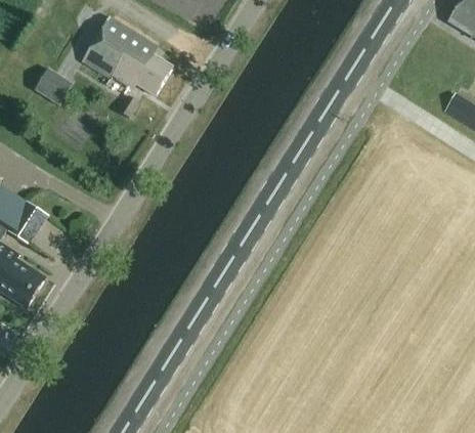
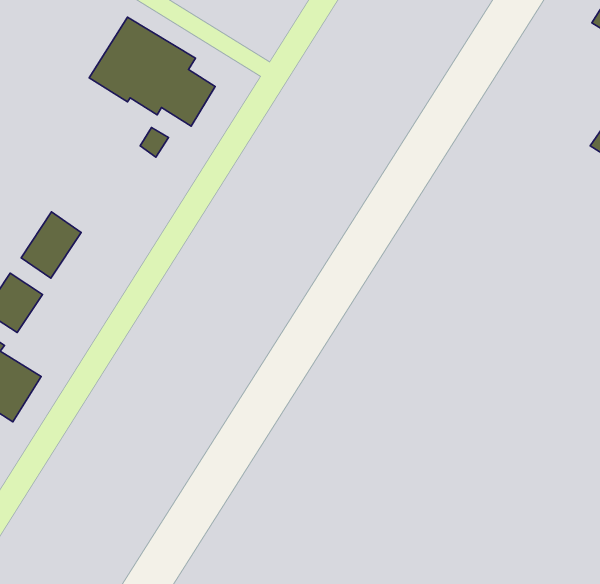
building: [33,68,73,105] -> none
building: none -> [21,212,81,278]

